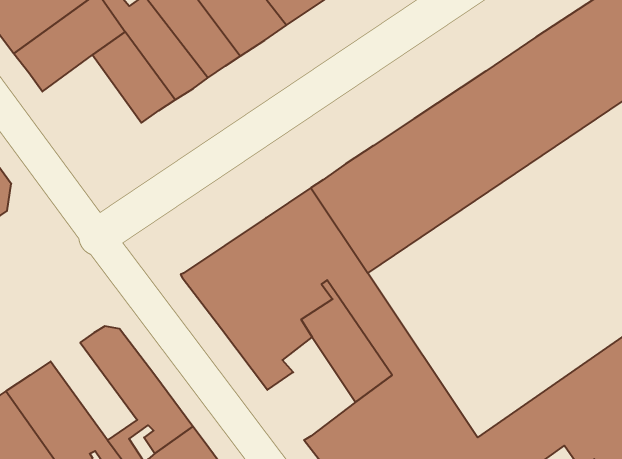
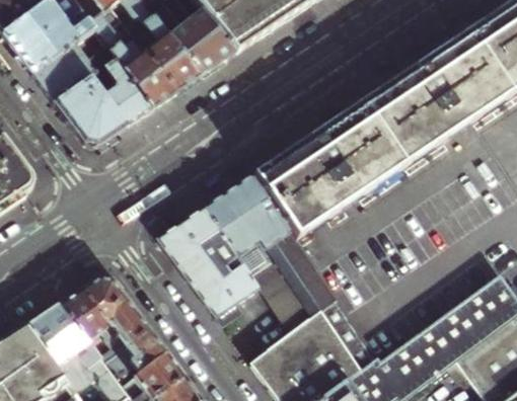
building: none -> [53,74,127,146]
building: none -> [59,289,124,362]

